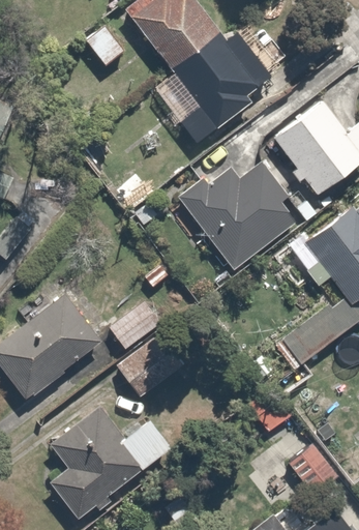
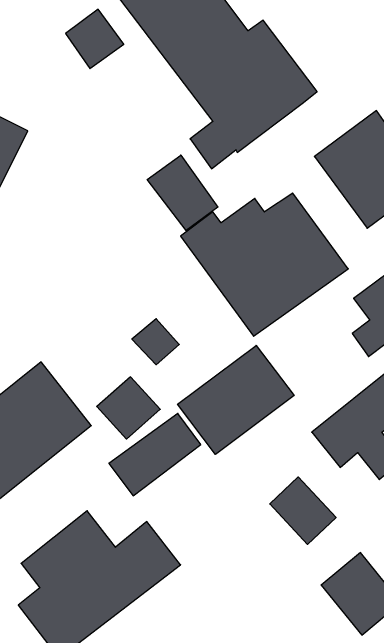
building: none -> [147,155,218,231]
building: none -> [178,345,294,454]

